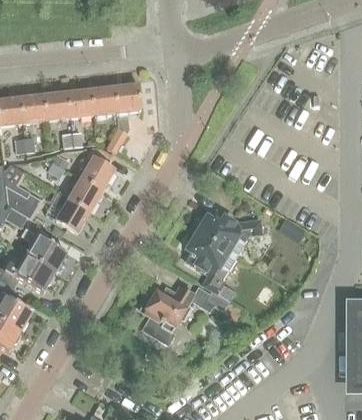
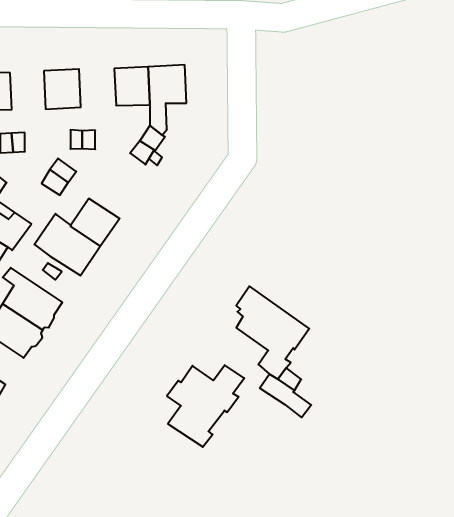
building: [66,89,93,117] -> none
building: [19,94,45,122] -> none
building: [79,146,113,191] -> none
building: [193,211,261,257] -> none

